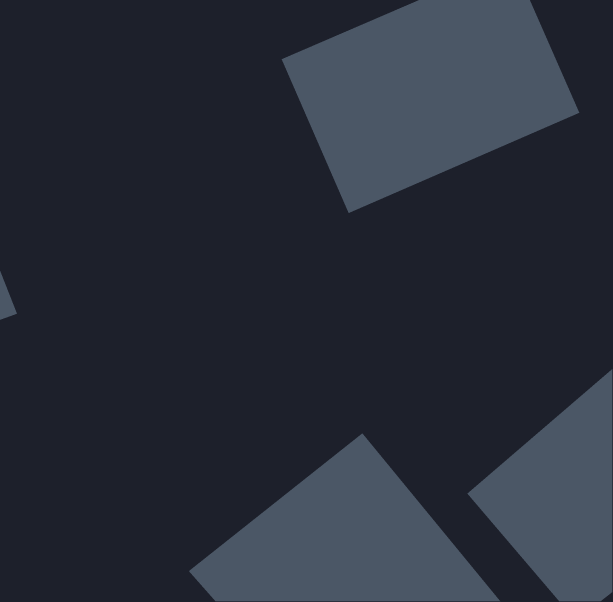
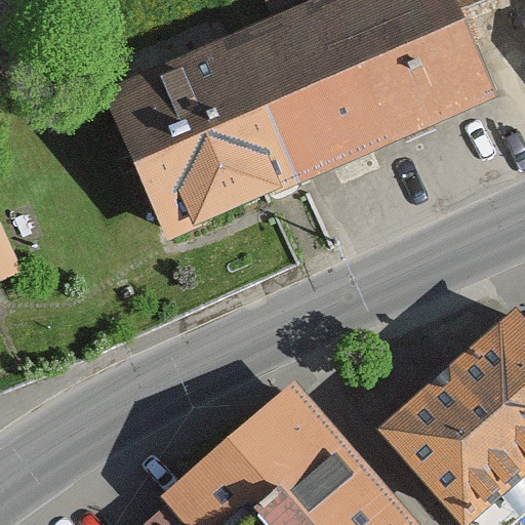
building: none -> [107,50,296,240]

